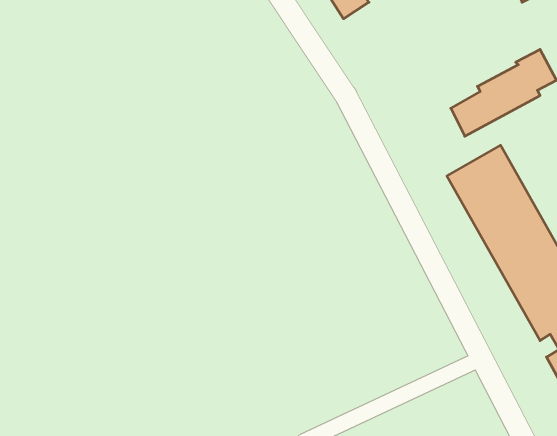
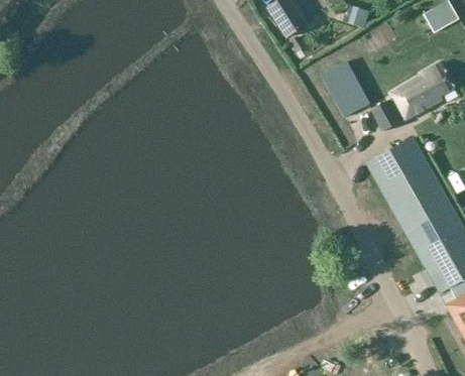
building: none -> [317,50,370,117]

